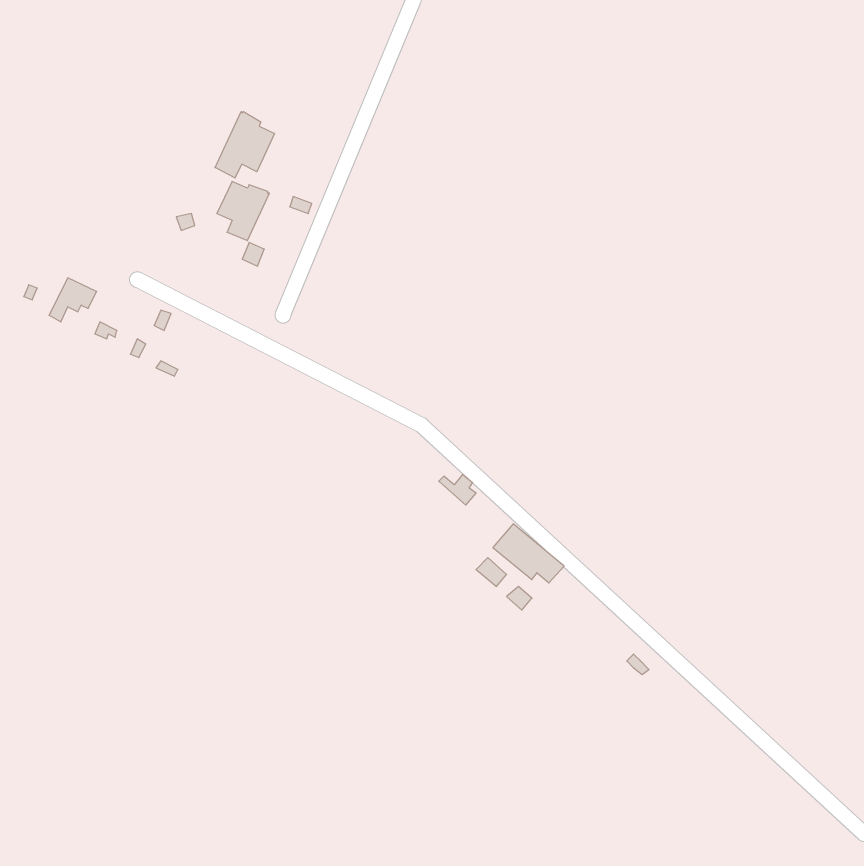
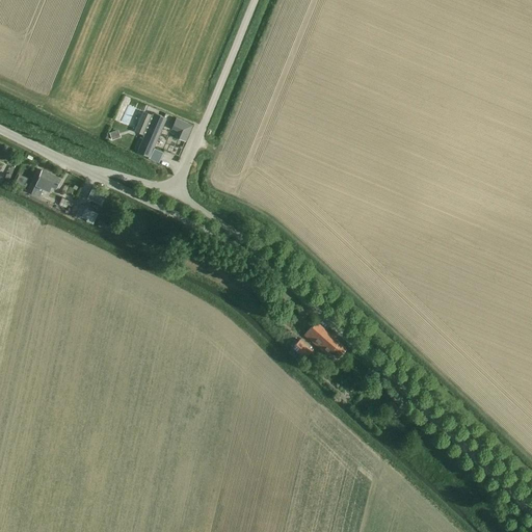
building: [215,112,274,178] -> none

